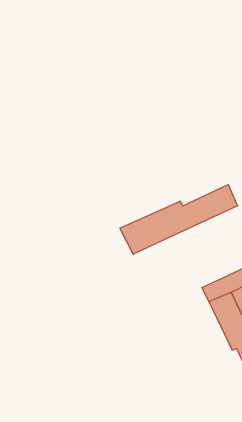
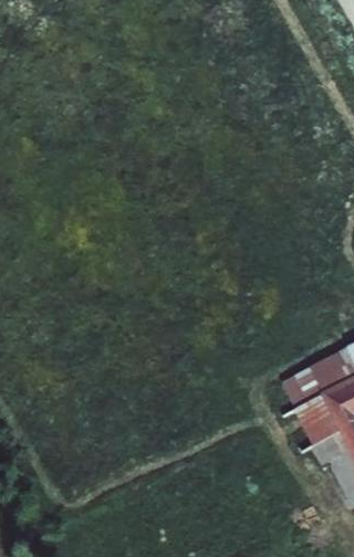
building: [120,185,238,254] -> none

